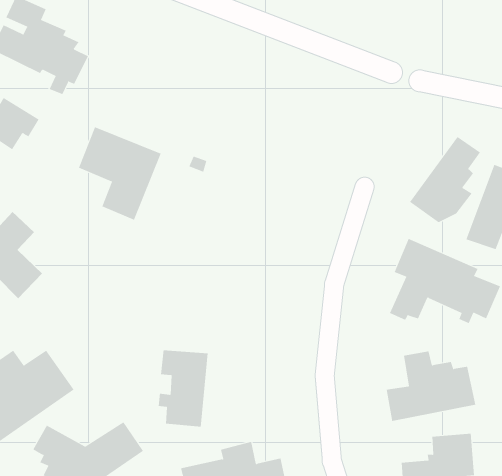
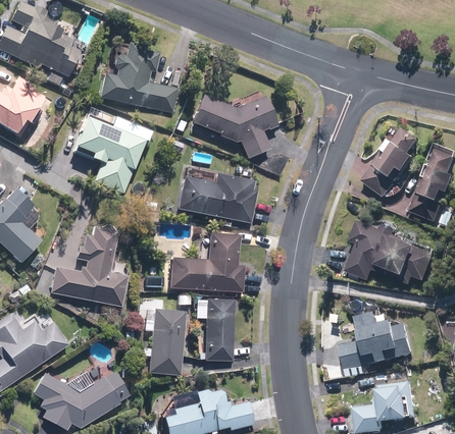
building: none -> [99,45,176,113]
building: none -> [192,95,277,159]
building: none -> [176,172,256,223]
building: none -> [50,229,128,307]
building: none -> [169,232,244,291]
building: none -> [195,299,235,362]

